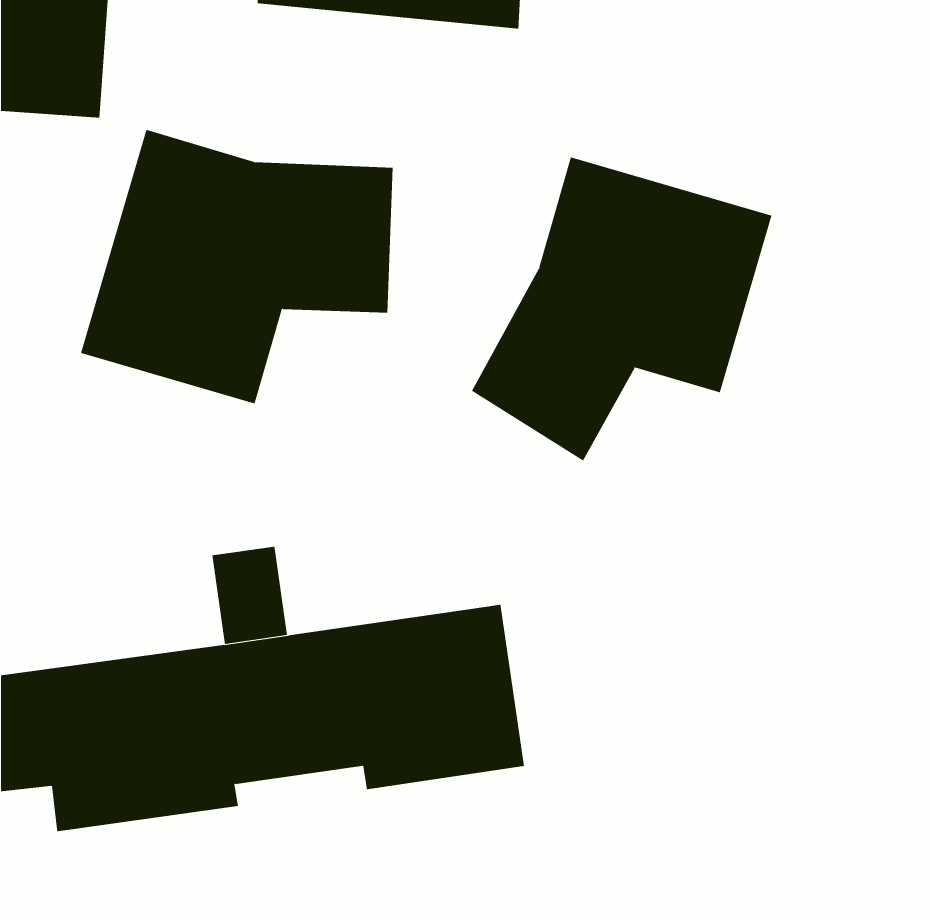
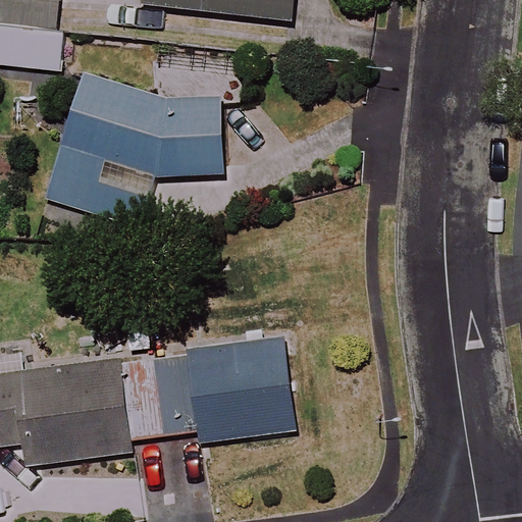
building: [471,157,772,462] -> none

